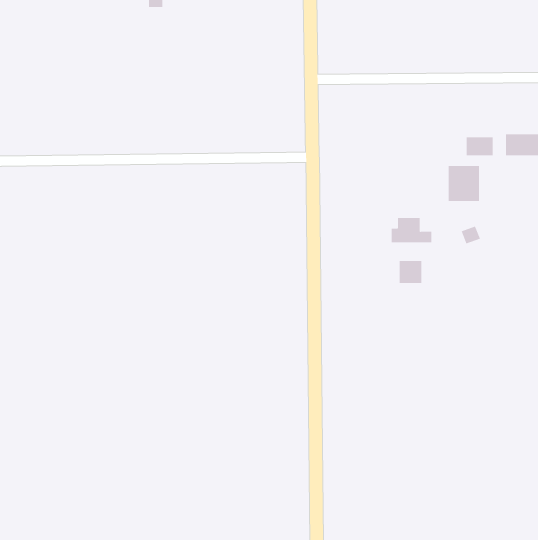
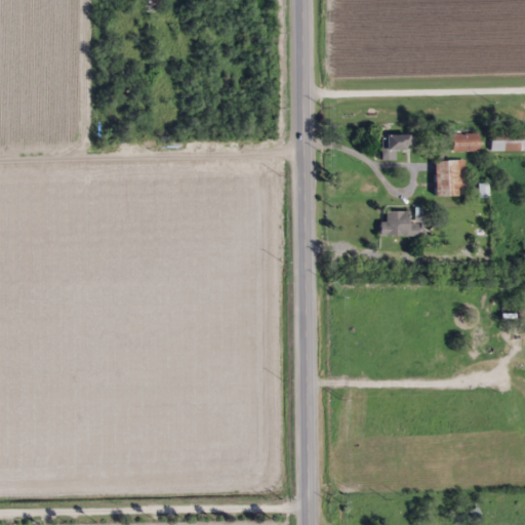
building: none -> [385,133,410,159]
building: [399,260,422,284] -> none

